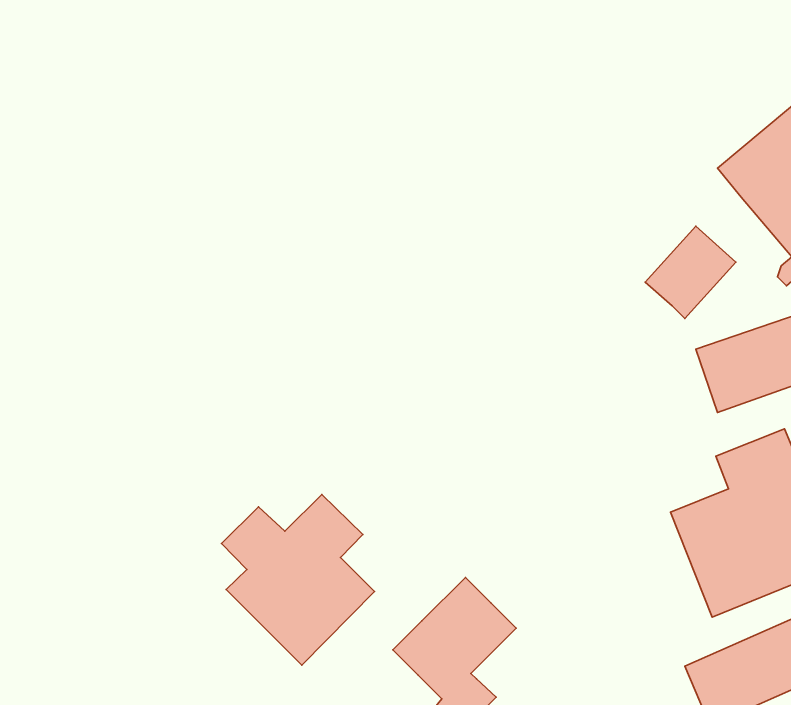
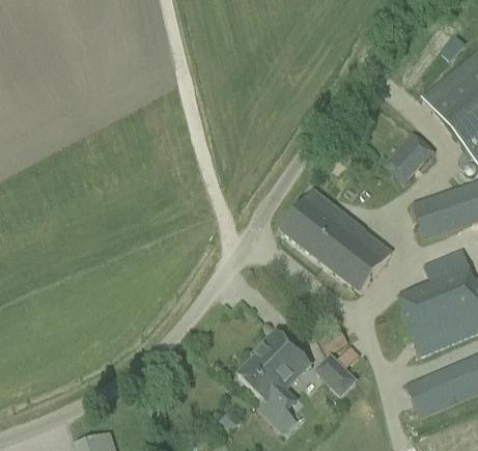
building: none -> [282,191,390,290]
building: [221,495,375,665] -> none
building: none -> [316,355,357,396]

